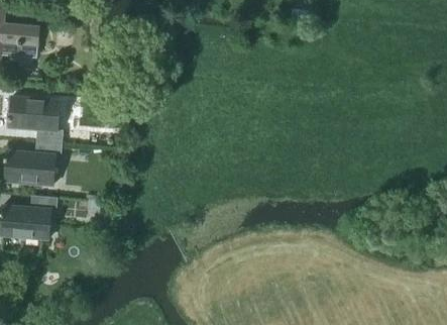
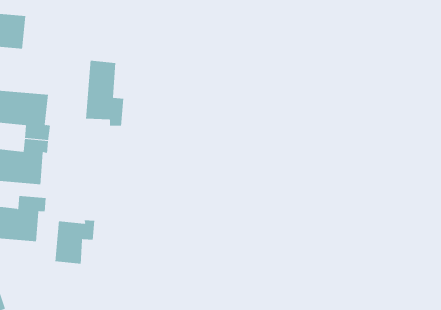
building: none -> [85,60,124,127]
building: none -> [55,219,95,264]

